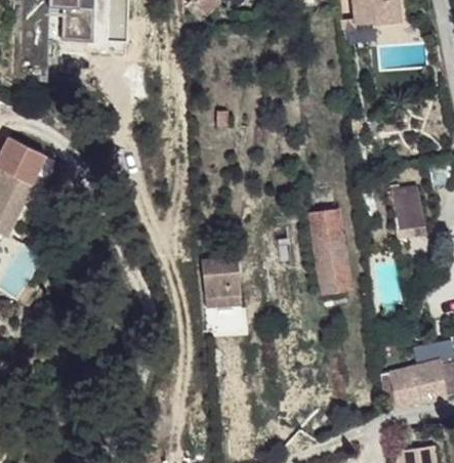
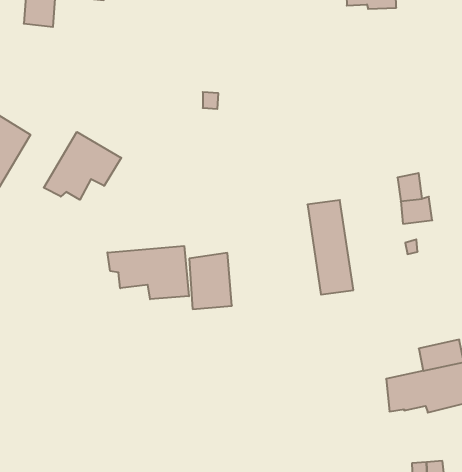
building: none -> [44,132,121,200]
building: none -> [107,246,189,299]

